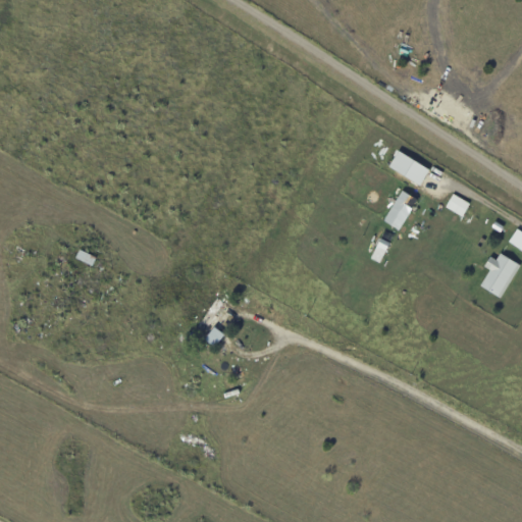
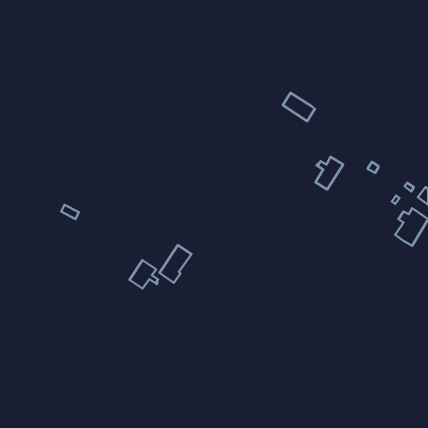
building: [389,151,428,186] -> [283,93,315,121]
building: none -> [129,260,158,289]

